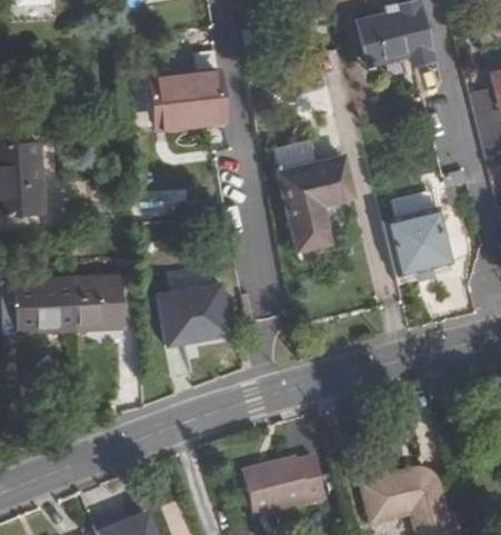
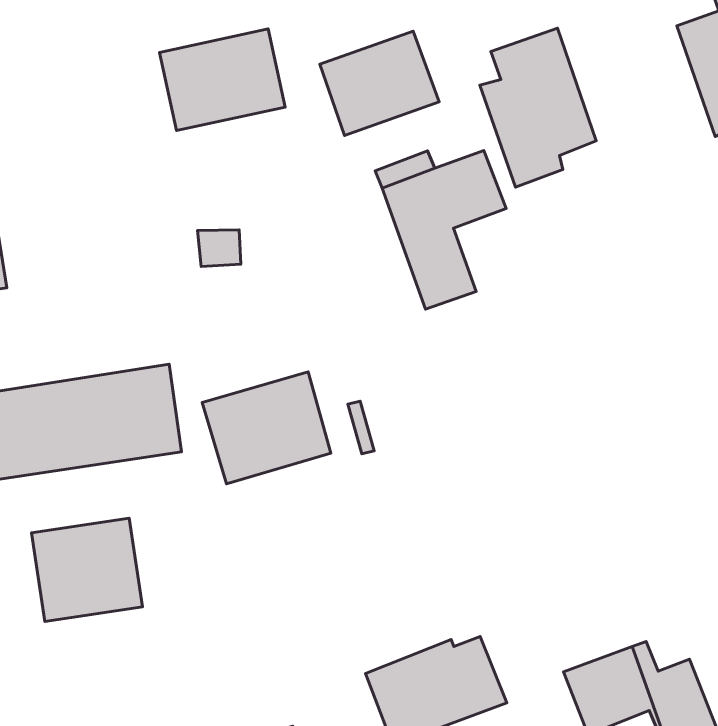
building: none -> [320,31,439,136]
building: [384,191,452,286] -> [480,28,596,187]
building: none -> [31,518,143,621]

